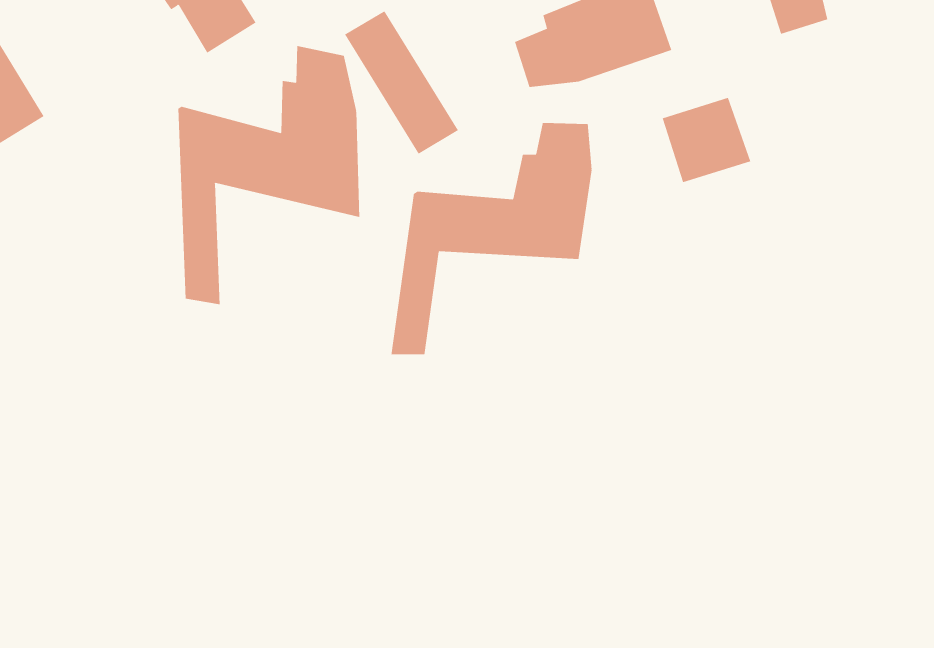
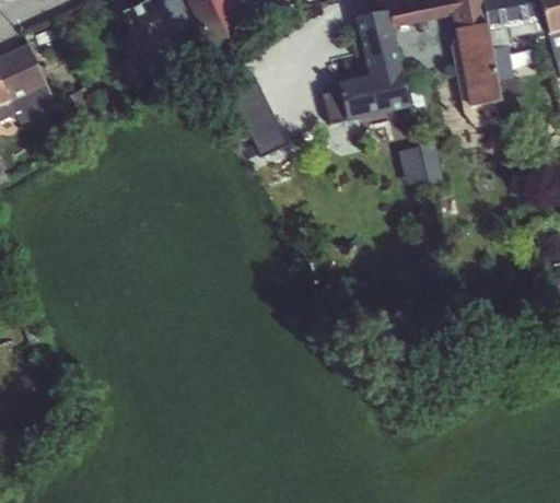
building: [178,45,360,305] -> none
building: [391,122,592,355] -> none

